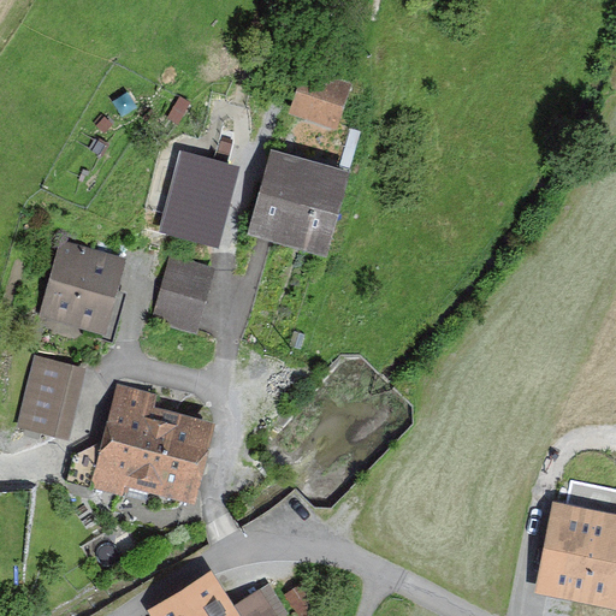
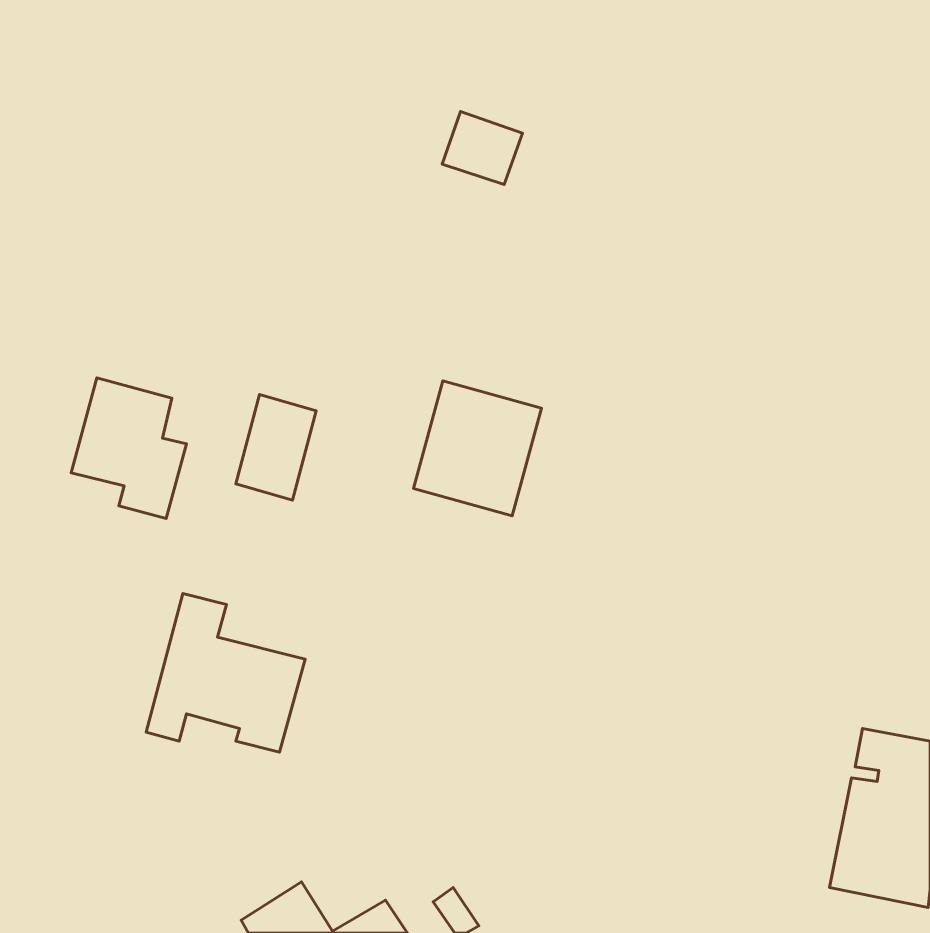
building: [253,154,337,243] -> [414,381,542,516]
building: [164,155,225,239] -> none
building: [20,361,75,434] -> none

